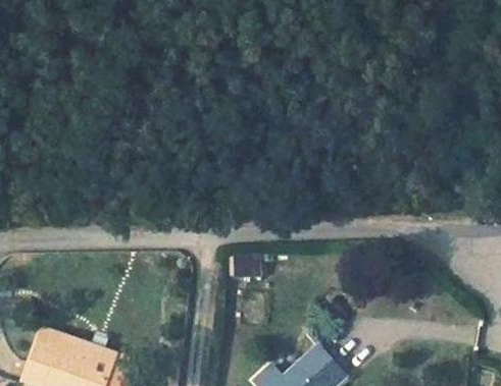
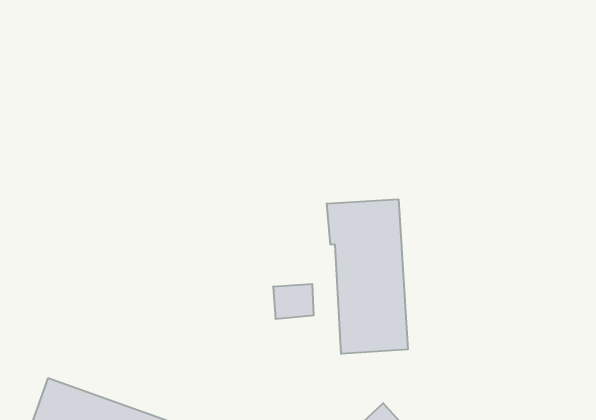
building: none -> [327,199,408,354]

